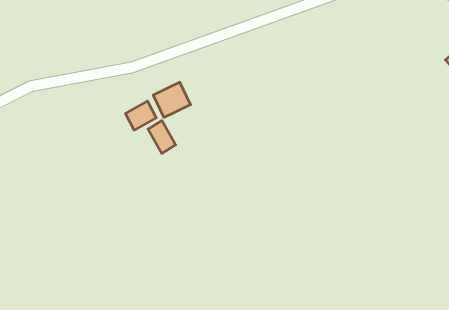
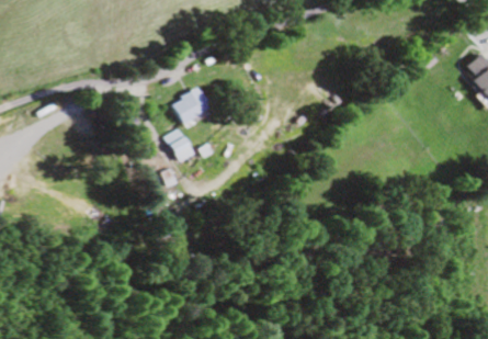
building: [126,101,156,130] -> none

